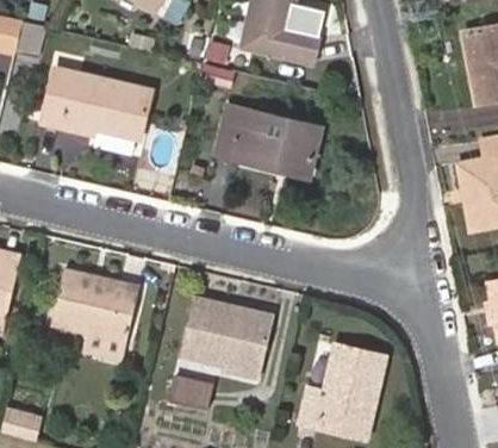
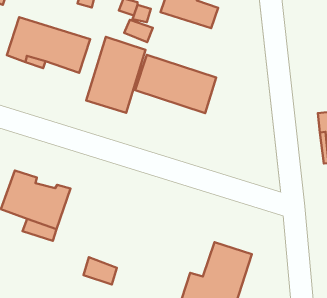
building: none -> [86,37,146,113]
building: [181,294,275,373] -> none

